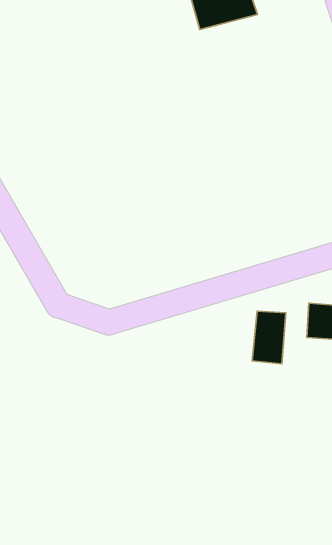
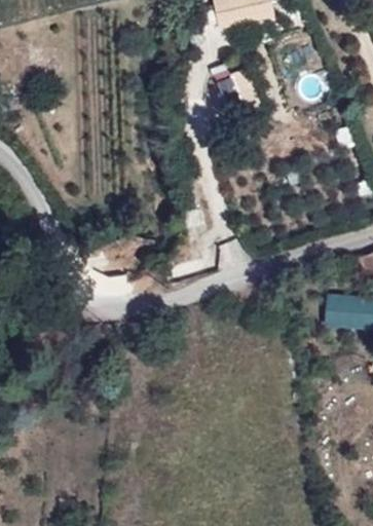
building: [252,311,286,364] -> none

